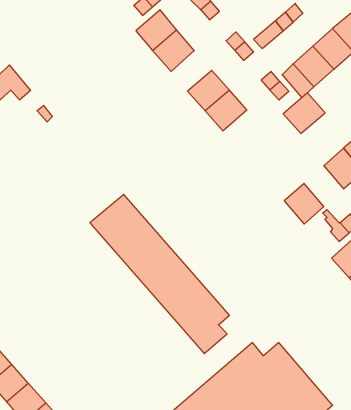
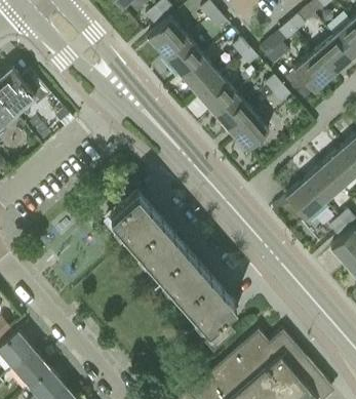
building: none -> [182,57,220,95]
building: [283,93,325,134] -> [230,113,269,151]
building: none -> [306,165,343,203]

